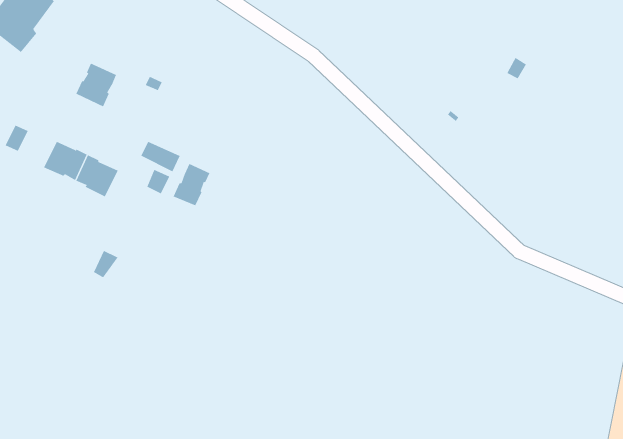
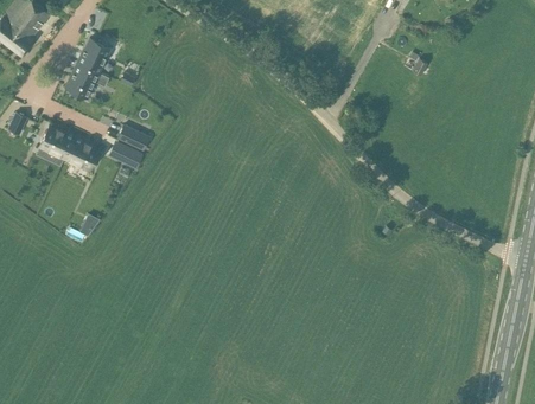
building: none -> [77,38,110,72]
building: [173,163,210,206] -> none

